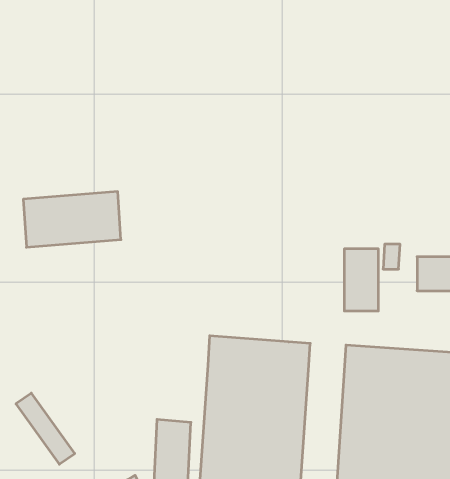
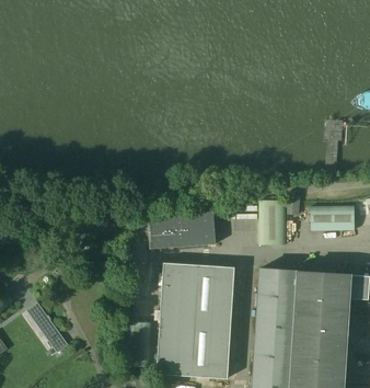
building: [23,192,121,247] -> [147,210,216,250]

